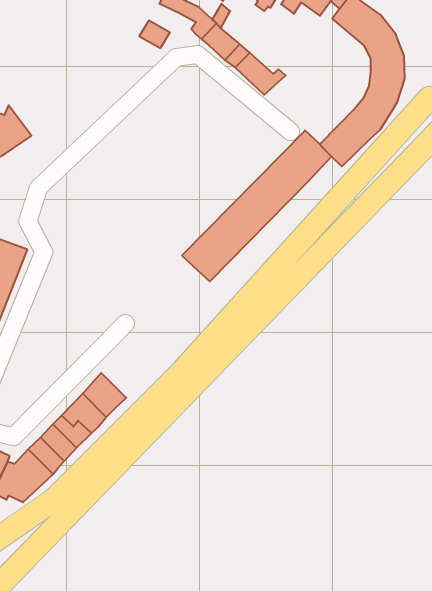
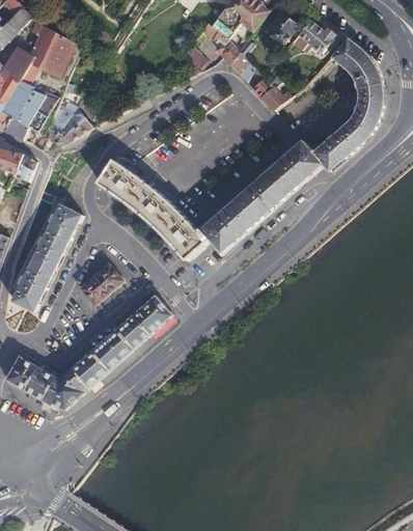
building: none -> [100,158,209,257]
building: none -> [78,263,121,306]
building: none -> [131,296,171,335]

